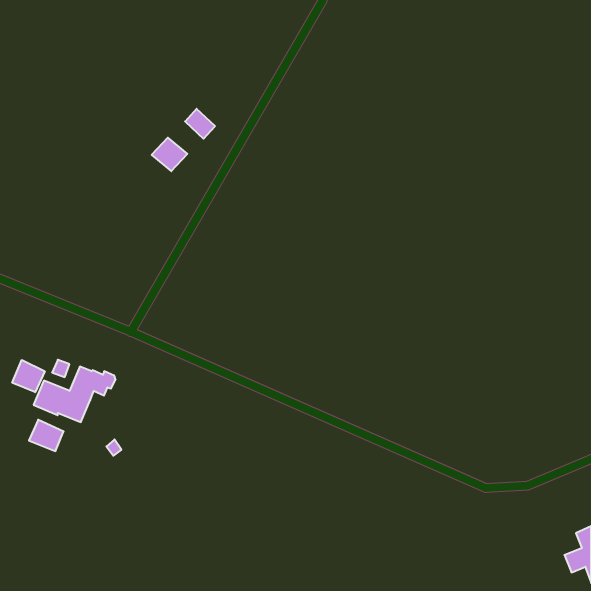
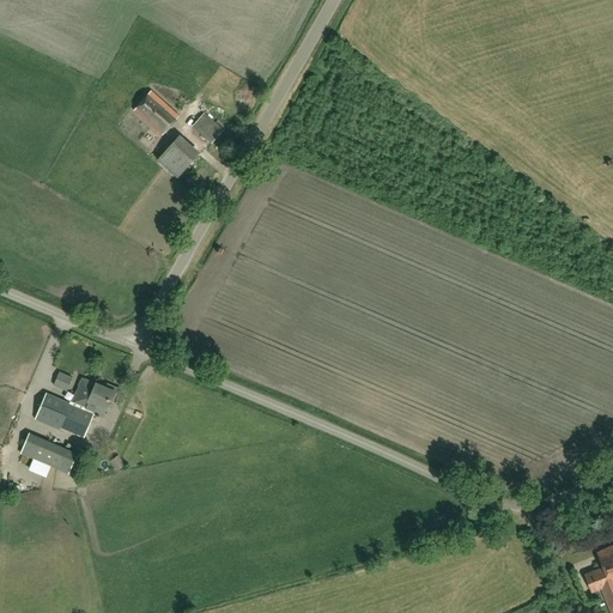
building: none -> [134,91,180,135]
building: [12,360,45,392] -> none

